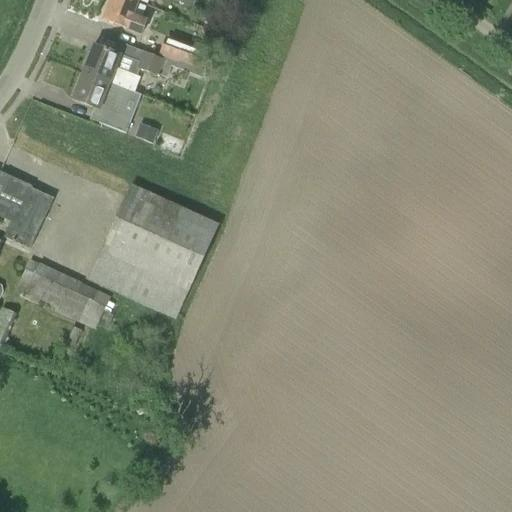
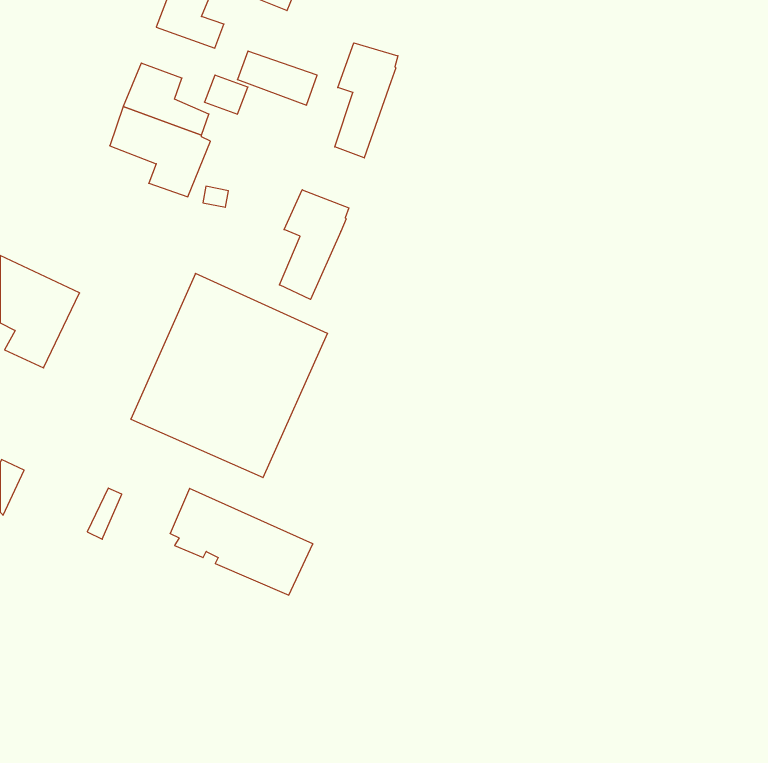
building: none -> [335,43,398,158]
building: none -> [279,190,349,299]
building: [15,257,110,328] -> [170,488,313,595]

